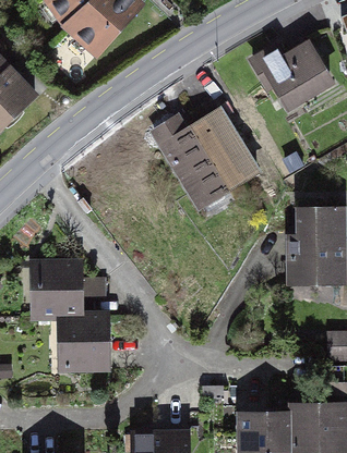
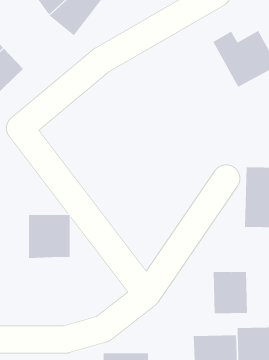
building: [148,111,259,210] -> none
building: [65,317,116,368] -> none
building: none -> [213,271,247,314]

